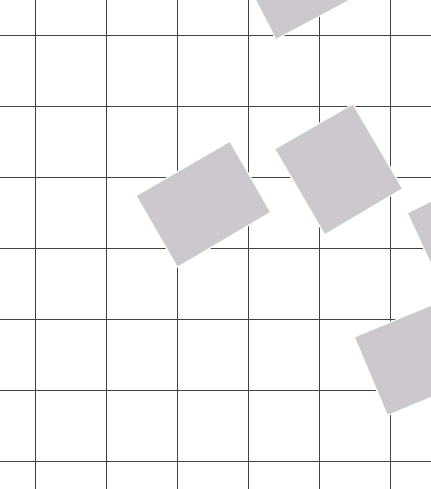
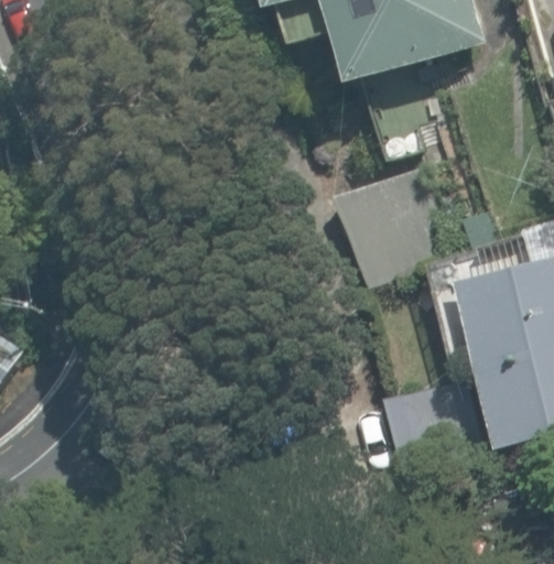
building: [136,141,271,267] -> none

